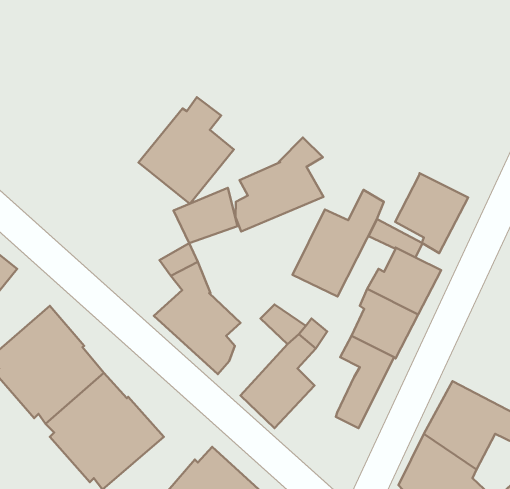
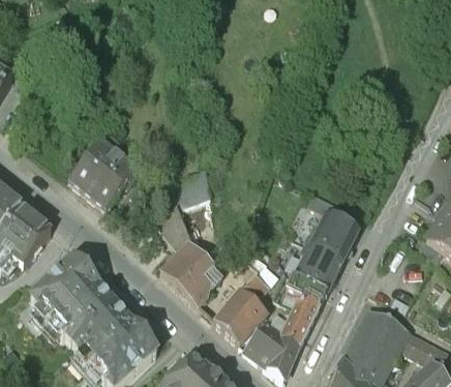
building: [139,97,234,204] -> [69,130,139,208]
building: [235,137,324,232] -> none
building: [395,173,468,253] -> none
building: [292,190,384,296] -> none
building: none -> [245,319,300,377]

